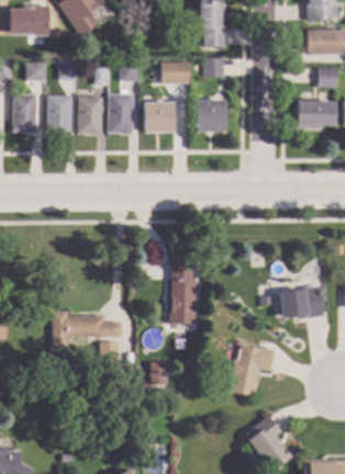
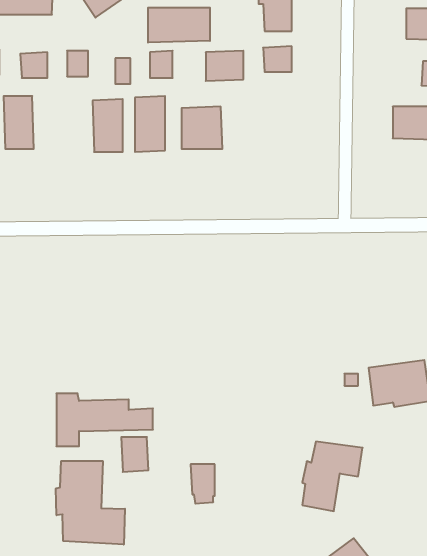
building: none -> [148,8,210,43]
building: [48,94,71,132] -> none
building: [196,99,225,131] -> none
building: [169,259,196,324] -> none
building: none -> [56,461,125,545]

